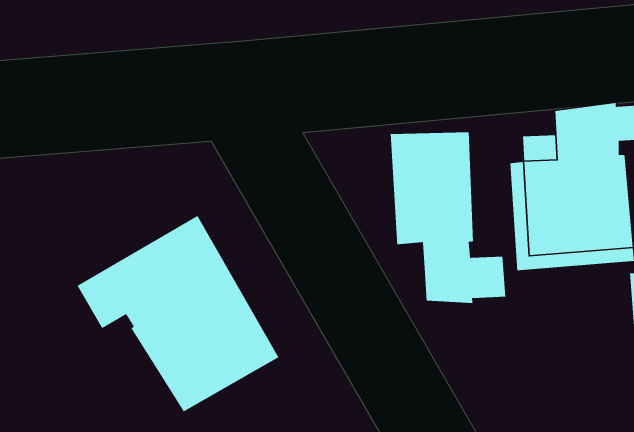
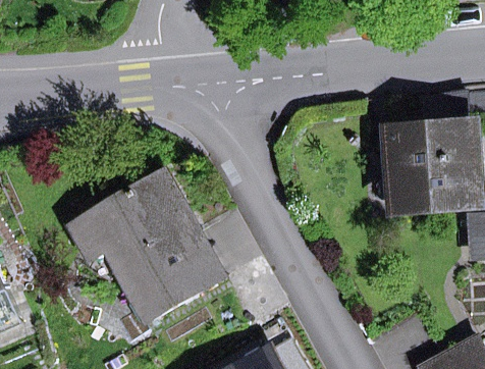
building: [390,131,506,304] -> none

